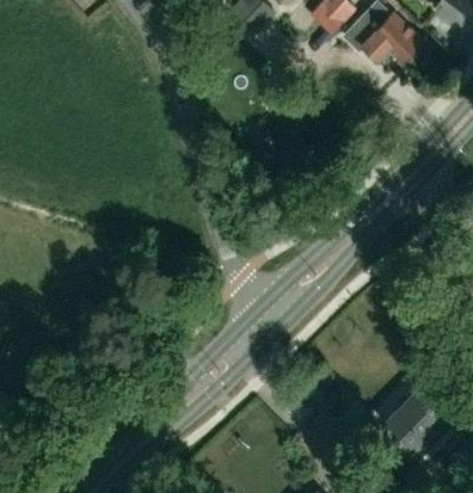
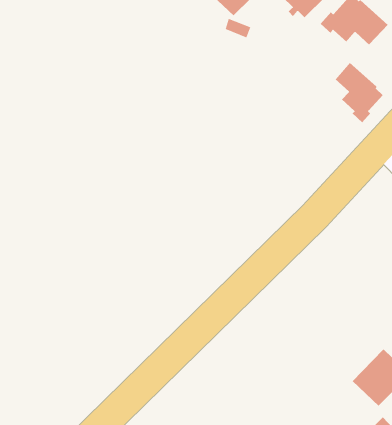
building: none -> [334,62,384,123]

